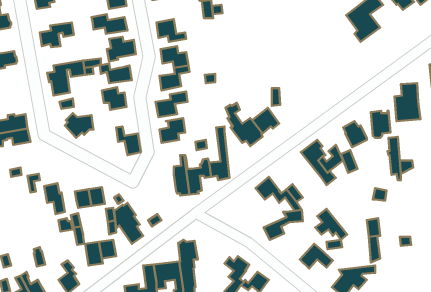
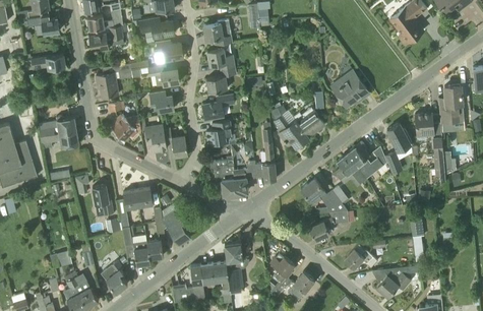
building: none -> [86,9,123,30]
building: none -> [334,73,370,106]
building: none -> [144,125,167,150]
building: [315,209,347,240] -> [335,153,366,184]

